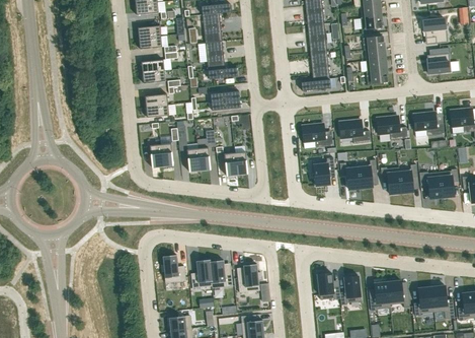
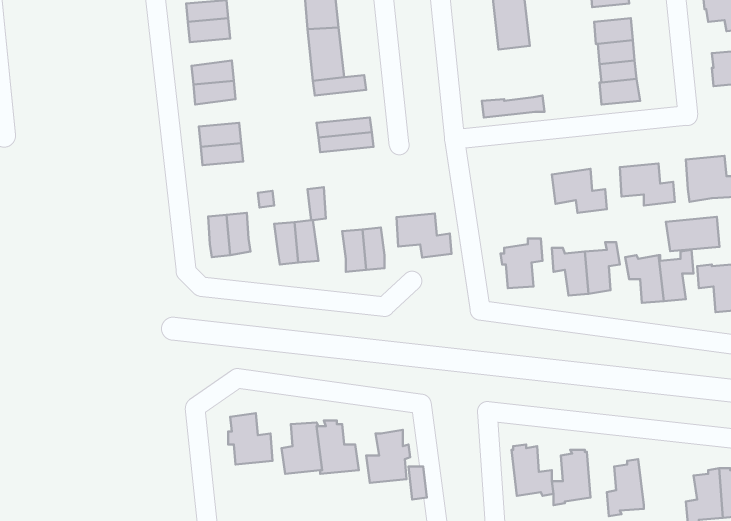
building: [310,51,329,81] -> none
building: [302,123,332,147] -> [396,213,452,258]
building: none -> [666,217,719,251]
building: [387,279,409,307] -> none

